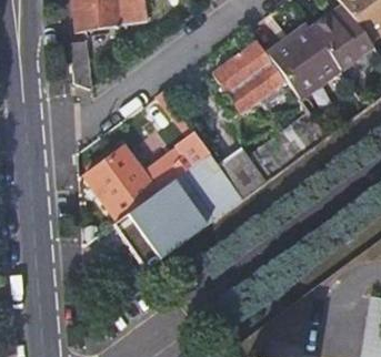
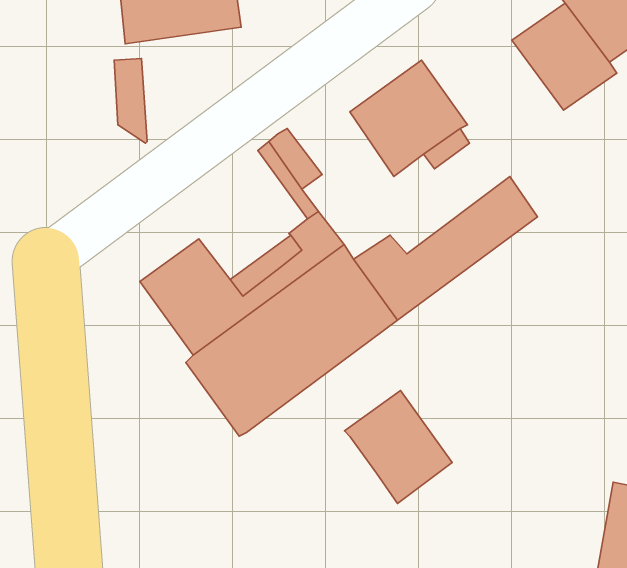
building: [268,24,342,101] -> none
building: none -> [344,391,452,504]

